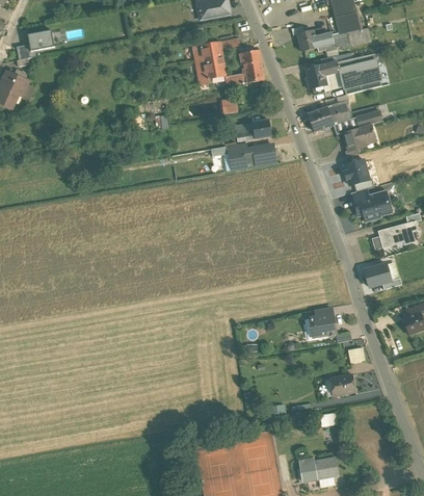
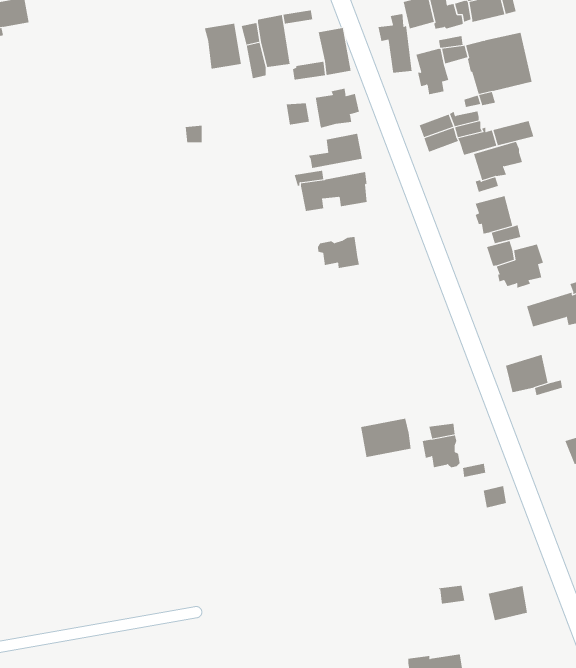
building: none -> [378,13,412,73]
building: none -> [204,23,241,70]
building: none -> [315,88,359,128]
building: none -> [317,236,360,269]
building: none -> [360,418,411,458]
building: [329,373,355,396] -> [488,586,528,621]

